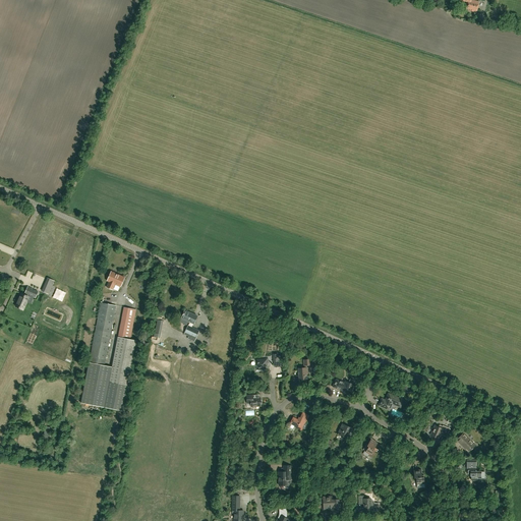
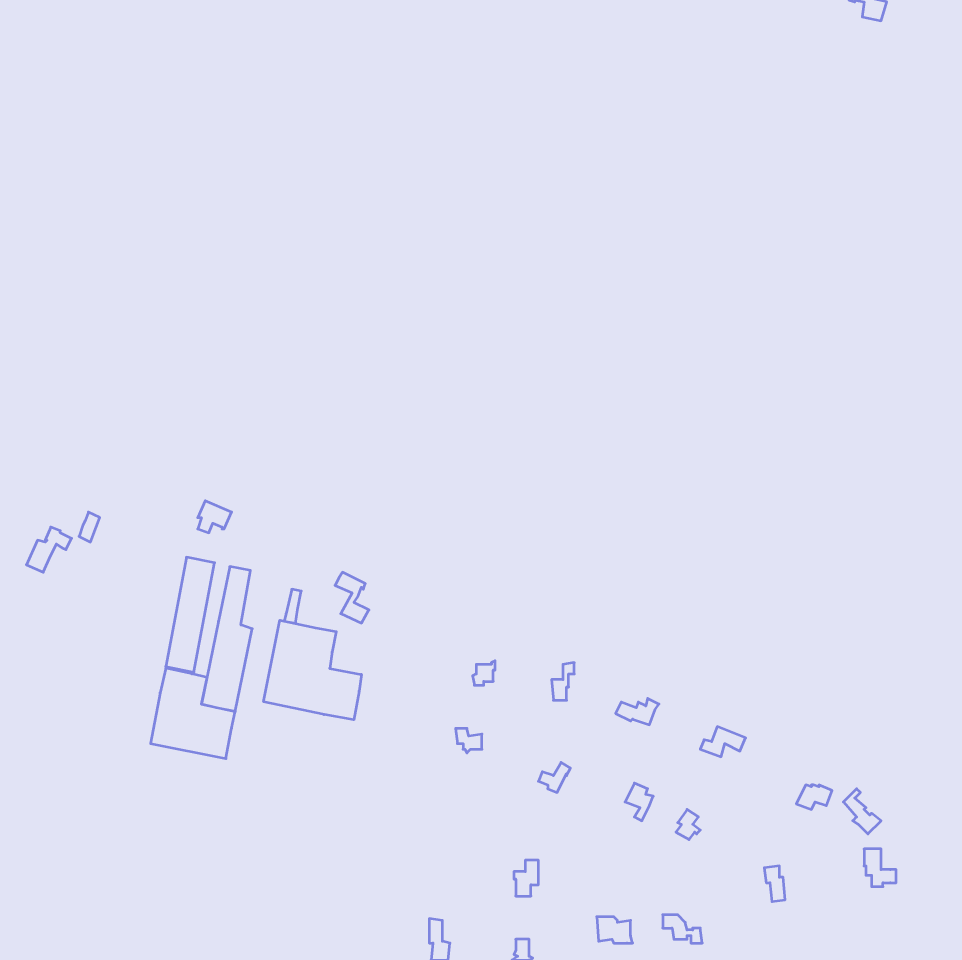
building: none -> [264,620,361,720]

